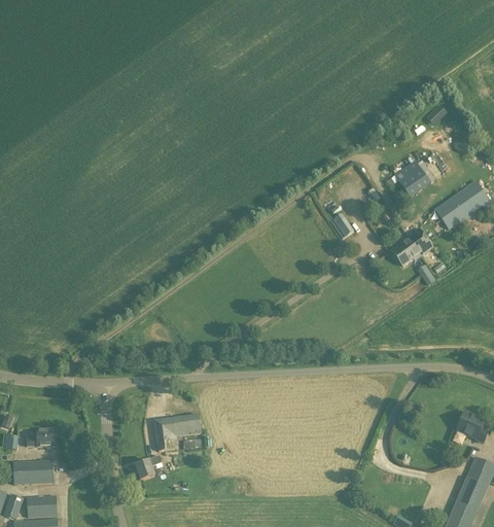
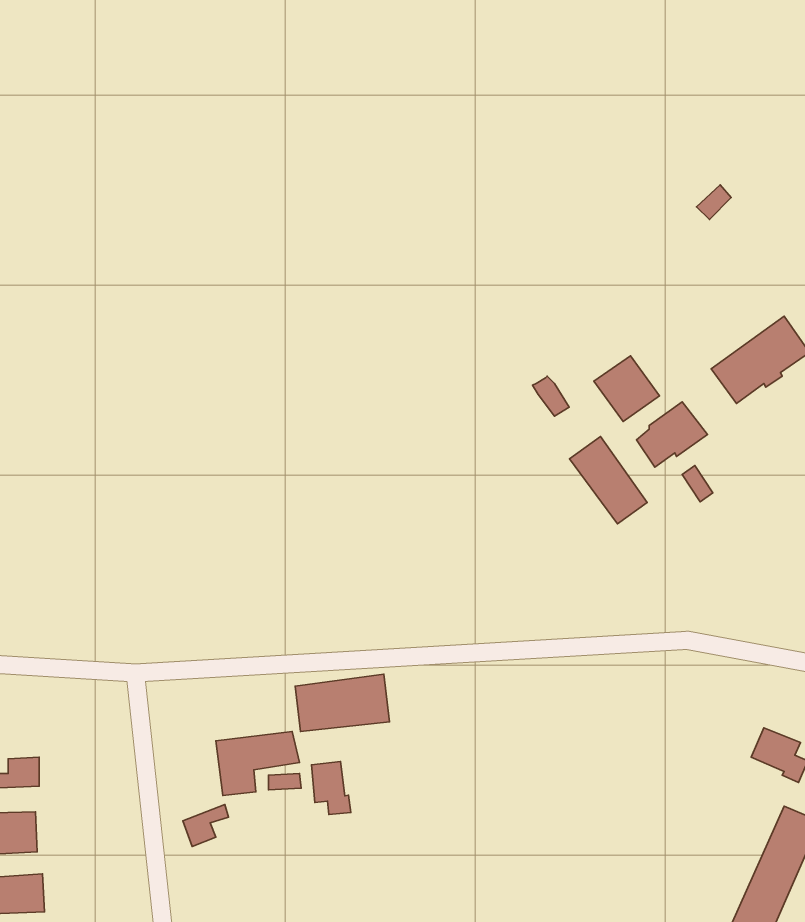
building: [394,161,431,198] -> [594,356,660,421]
building: none -> [569,437,647,524]
building: none -> [295,674,389,732]
building: none -> [311,761,351,815]

